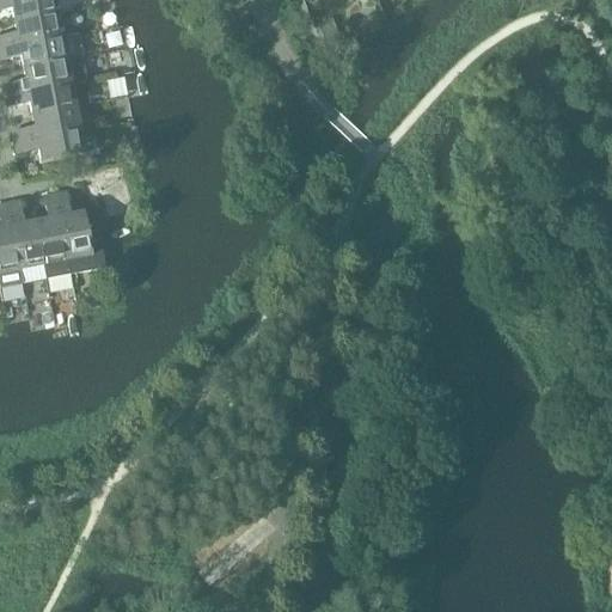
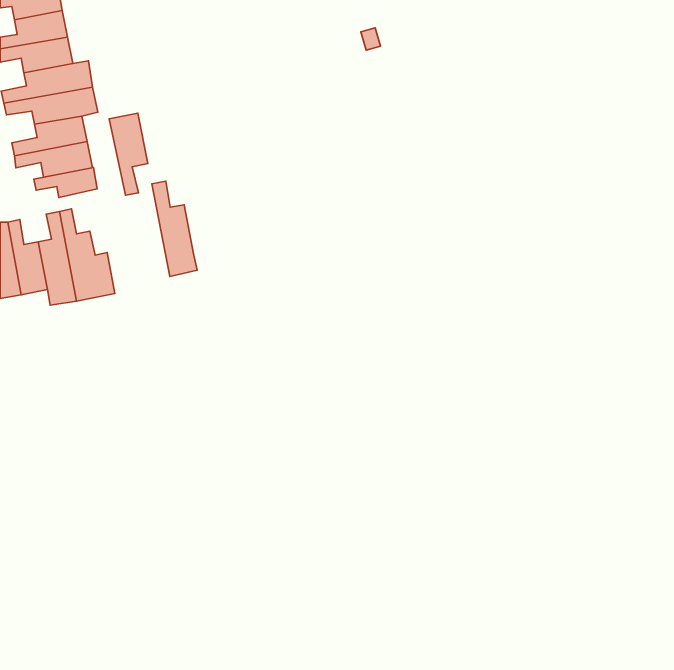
building: none -> [109,113,148,195]
building: none -> [34,168,97,198]
building: none -> [152,181,197,277]

